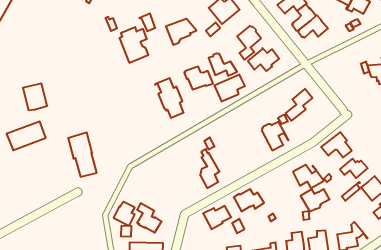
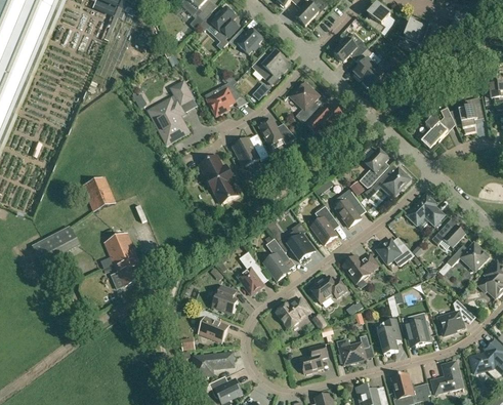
building: none -> [421,117,448,149]
building: [215,74,245,102] -> none
building: [23,83,47,110] -> [82,175,114,209]
building: none -> [372,167,410,197]
building: none -> [310,205,337,244]
building: none -> [278,230,315,260]
building: none -> [240,251,268,293]
building: [301,189,330,212] -> [343,253,378,282]
building: [114,202,135,226] -> [212,285,237,313]

